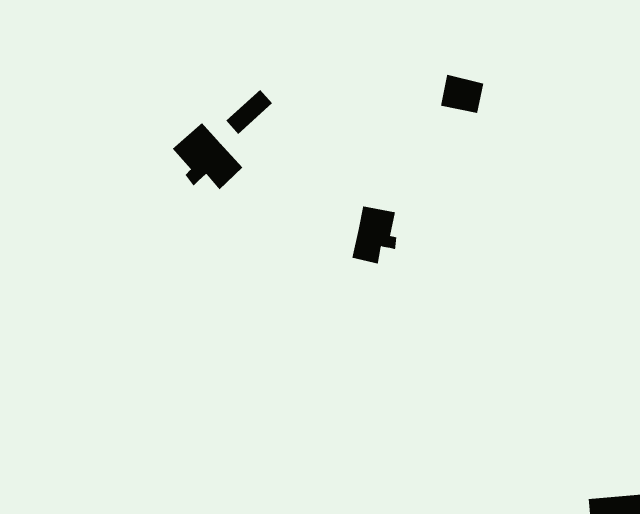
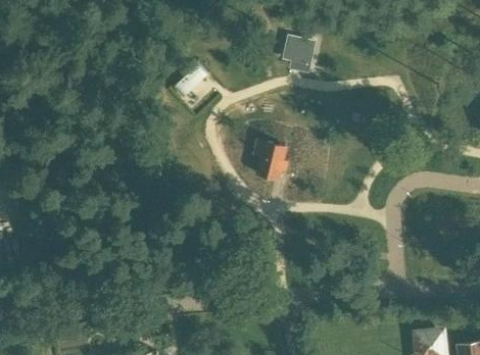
building: [440,74,484,114] -> [286,36,315,61]
building: [172,122,243,190] -> none

